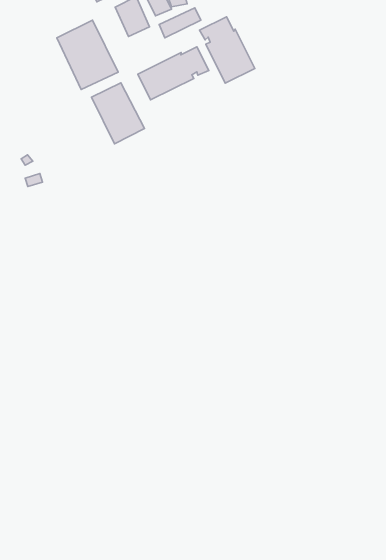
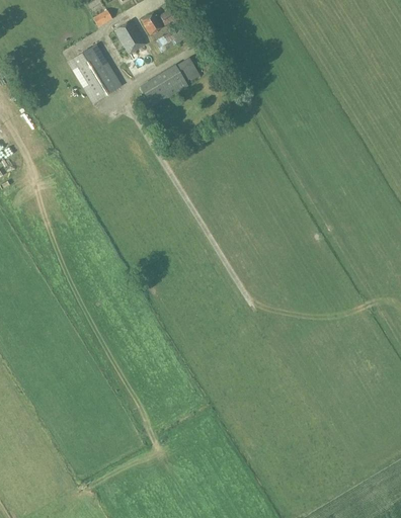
building: [199,17,255,83] -> none
building: [92,83,144,144] -> none

